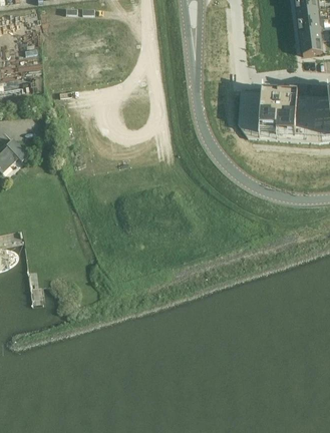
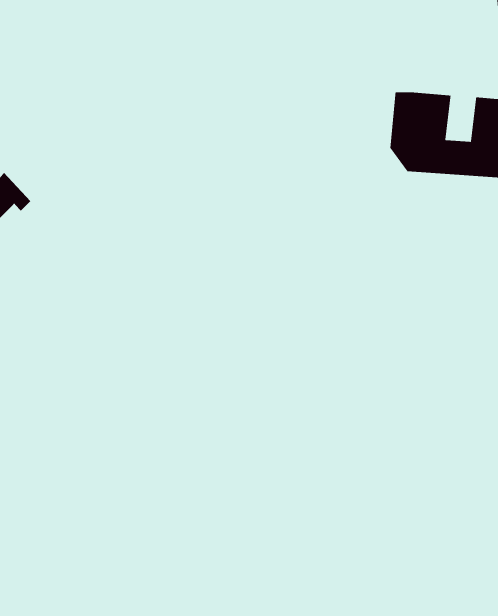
building: [270,89,287,118] -> none

